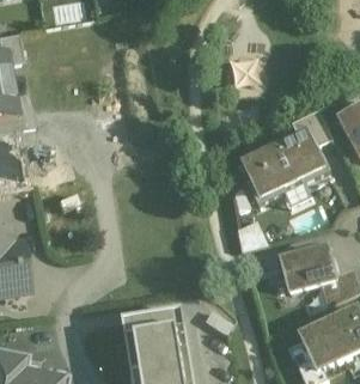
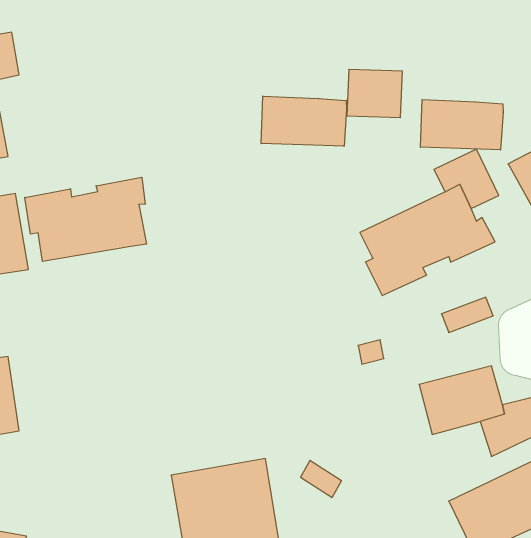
building: none -> [261,96,346,146]
building: none -> [420,100,503,150]
building: none -> [25,177,146,261]

